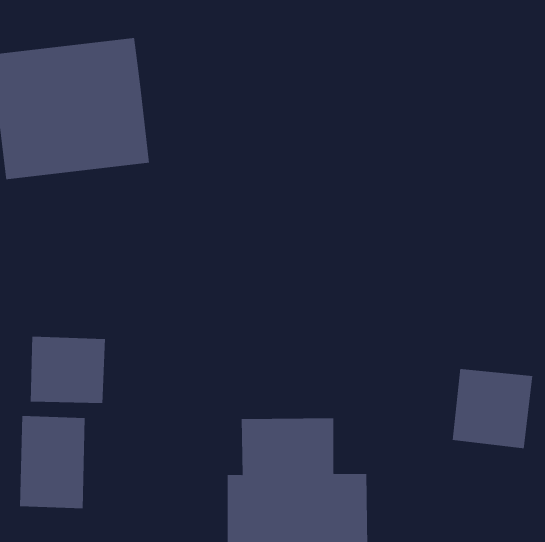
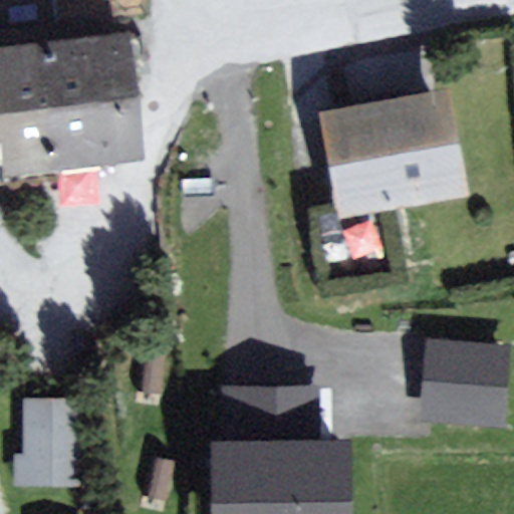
building: none -> [326,98,466,217]
building: [30,336,105,404] -> none

